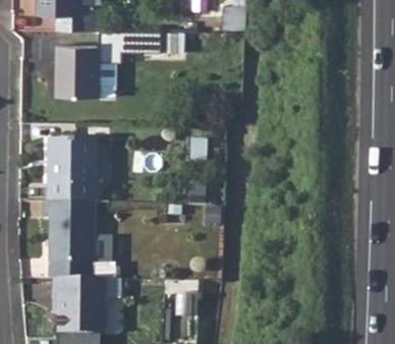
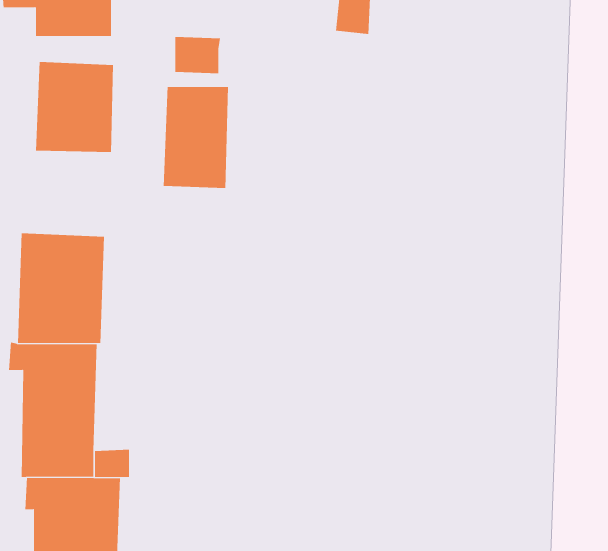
building: none -> [163,86,229,189]

